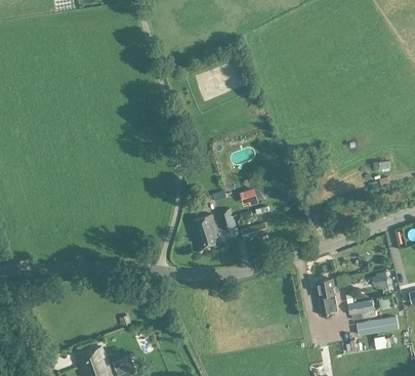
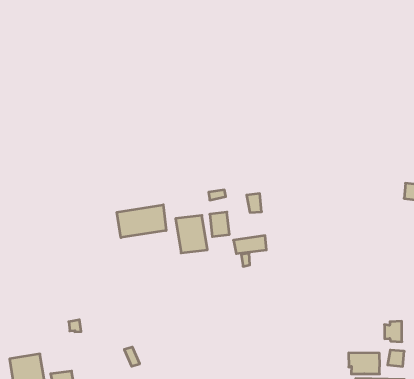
building: none -> [117,205,166,238]
building: [314,278,337,314] -> none

